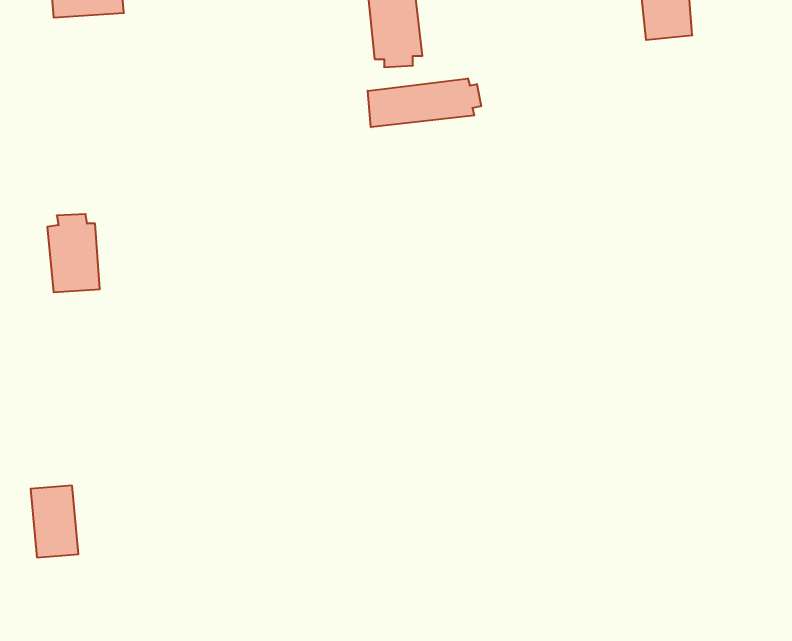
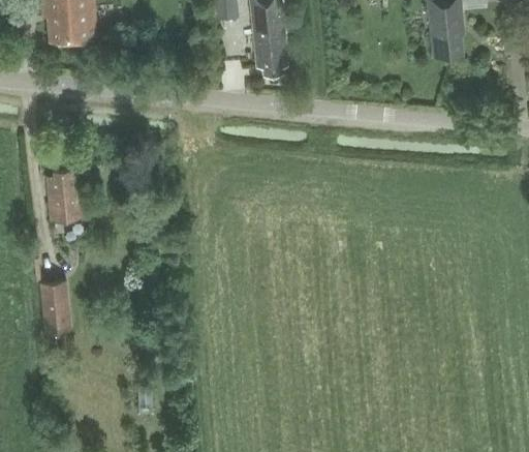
building: [368,78,481,127] -> none
building: [31,486,78,557] -> [42,285,73,332]

